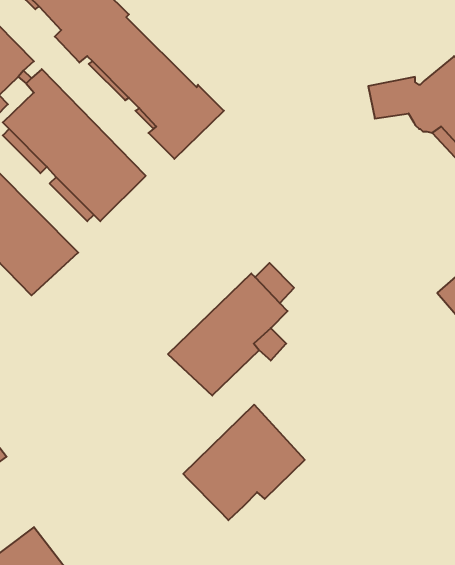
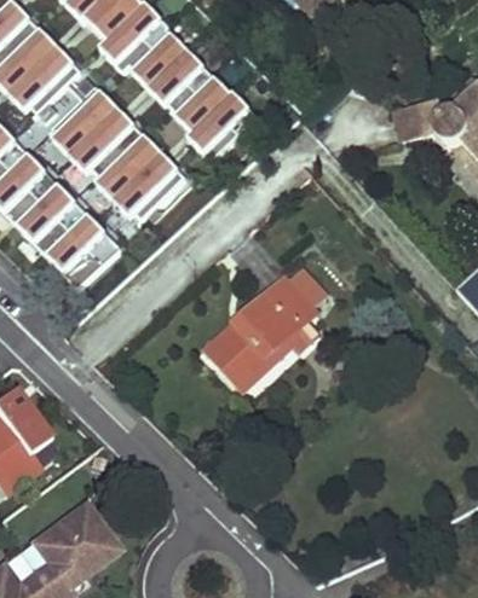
building: [183,405,305,520] -> none

